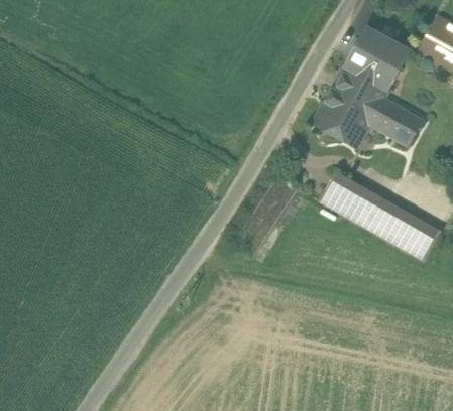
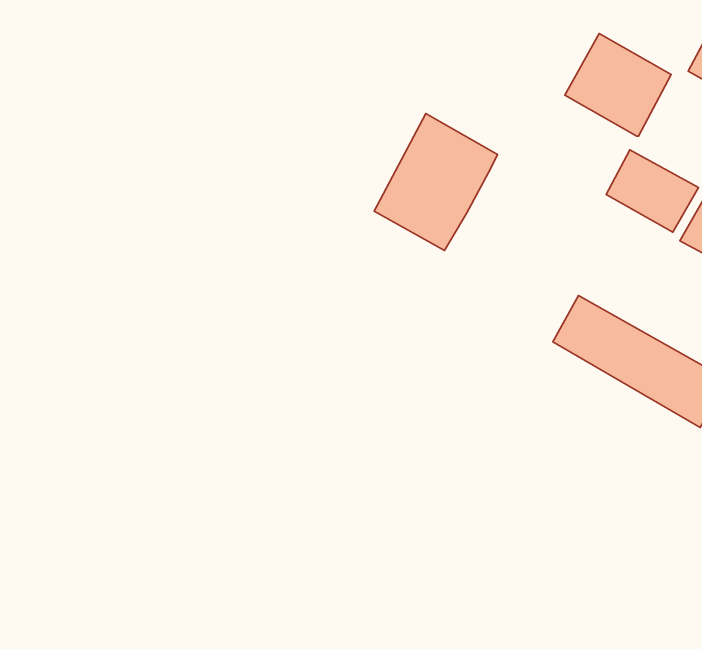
building: [316,64,388,145] -> [374,113,498,250]
building: [320,171,354,210] -> none

